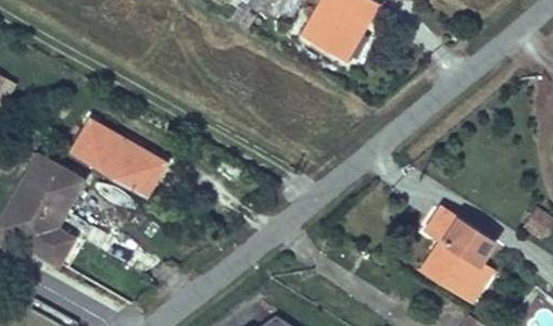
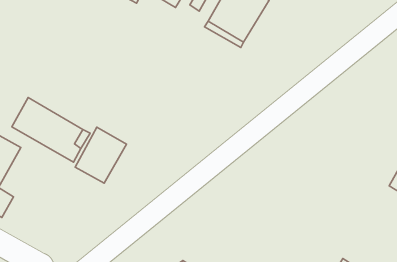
building: none -> [75,127,127,183]
building: [423,209,492,301] -> none

